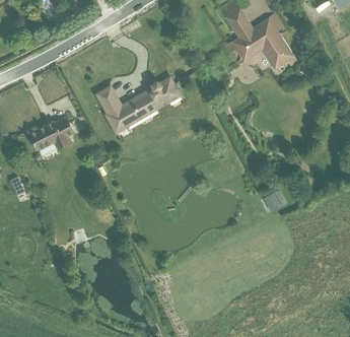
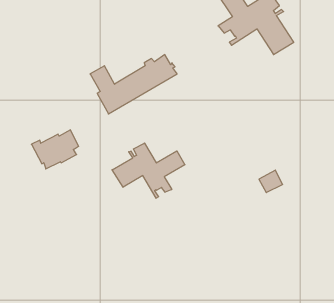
building: [26,116,73,154] -> [31,130,79,169]
building: none -> [112,143,185,198]

